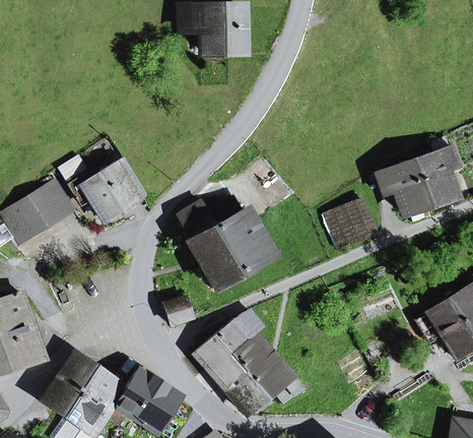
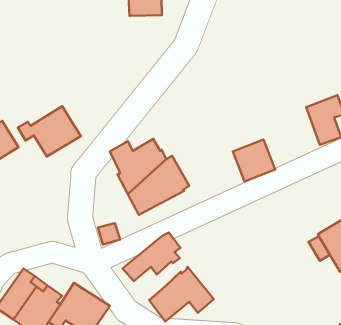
building: [376,161,429,214] -> none
building: [208,340,272,390] -> none

